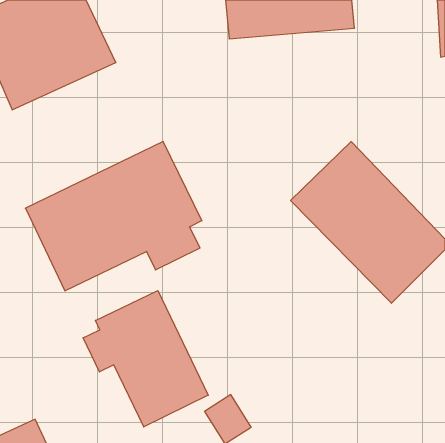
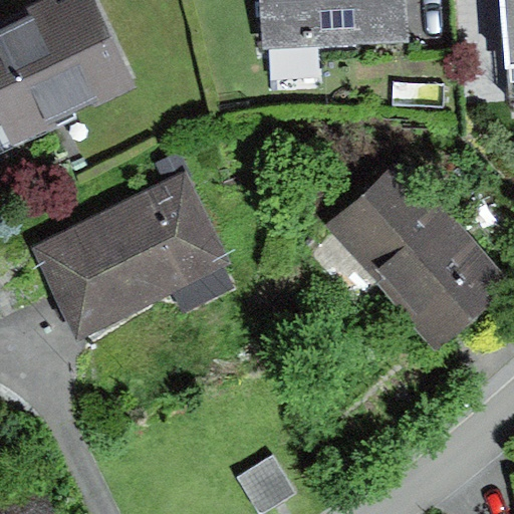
building: [83,291,208,427] -> none

